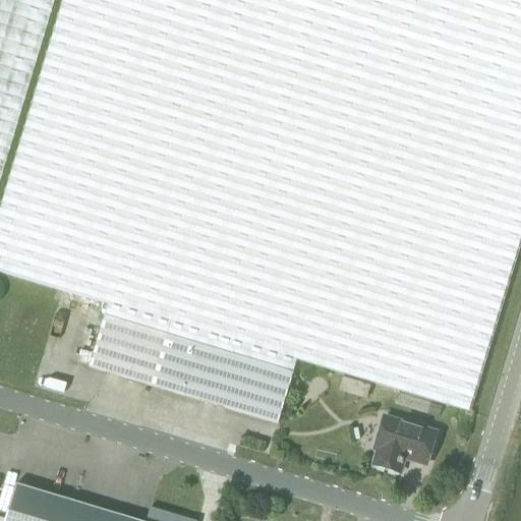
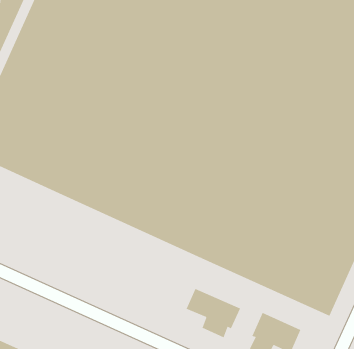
building: [90,302,297,422] -> none
building: none -> [186,288,241,338]

